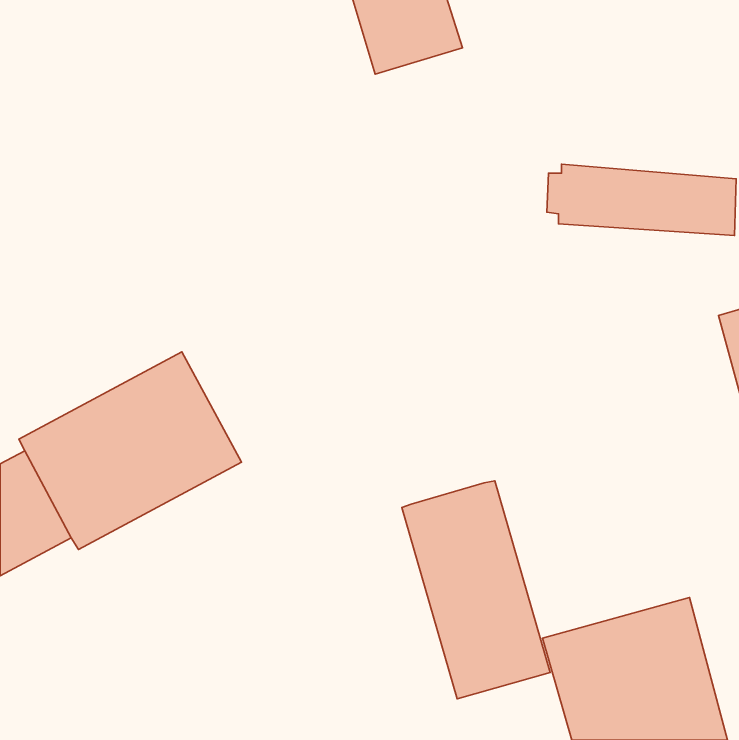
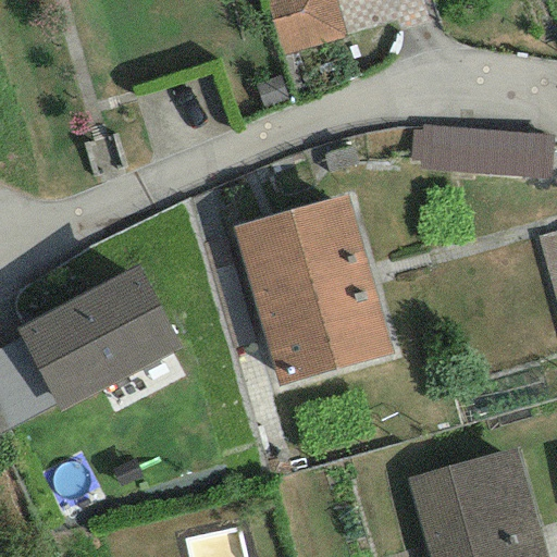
building: none -> [234,194,393,384]
building: [402,481,550,699] -> none

